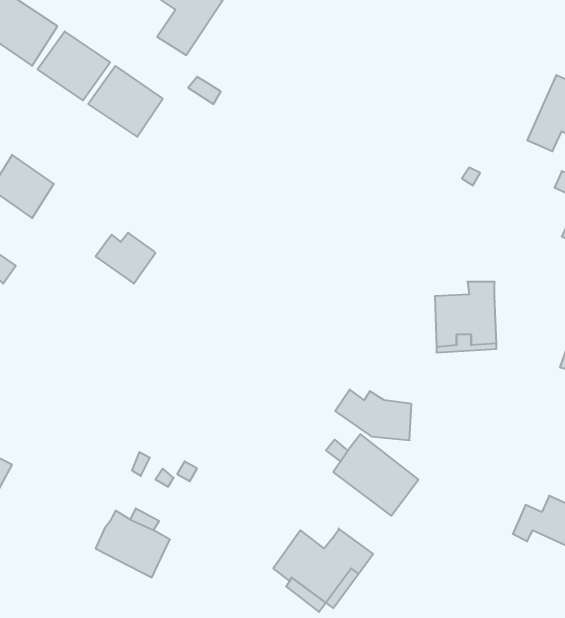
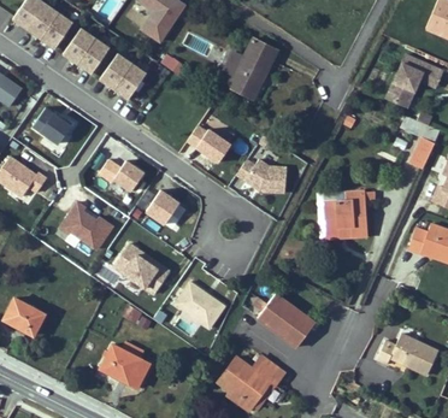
building: none -> [219,37,277,98]
building: none -> [187,124,230,165]
building: none -> [142,190,178,225]
building: none -> [59,200,113,251]
building: none -> [112,243,169,296]
building: [335,389,411,440] -> [235,161,285,195]
building: none -> [171,283,223,330]

